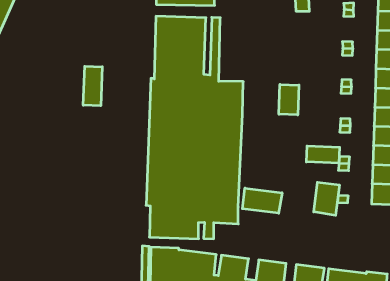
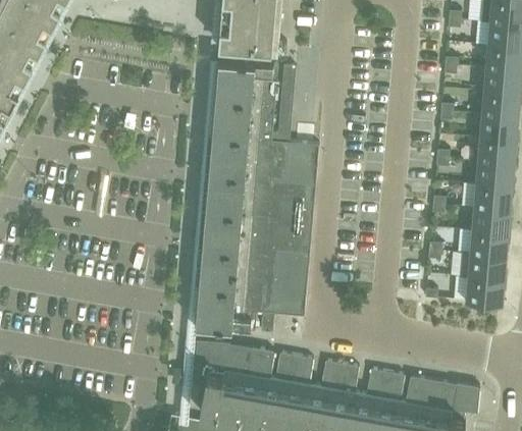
building: [83,66,102,106] -> none
building: [279,84,299,115] -> none
building: [306,146,340,163] -> none
building: [314,182,339,215] -> none
building: [242,188,282,213] -> none

